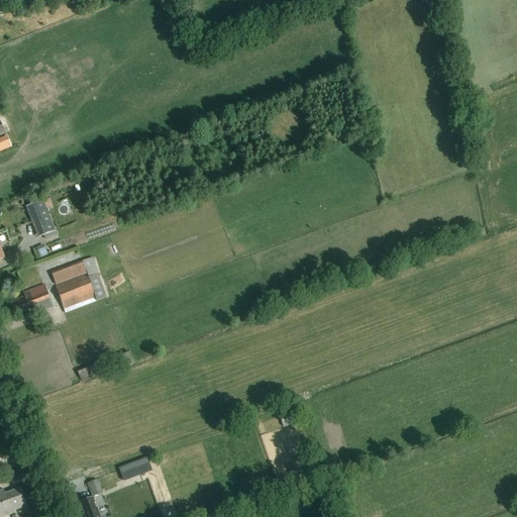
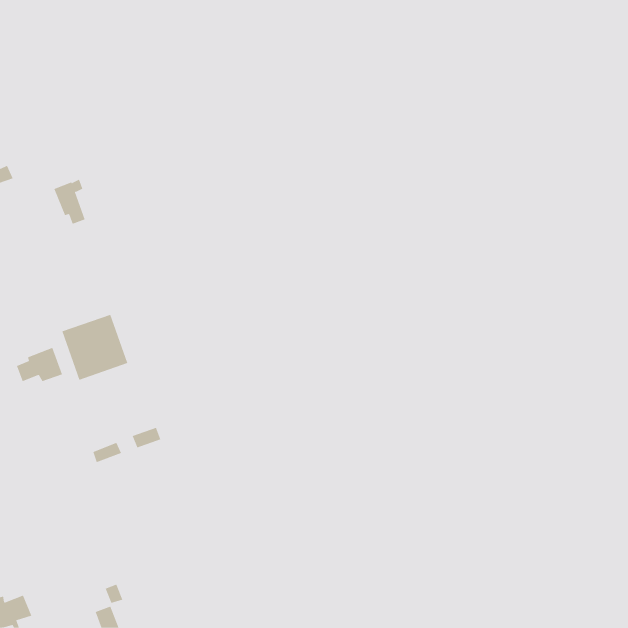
building: [27,198,54,235] -> [54,179,86,224]
building: [116,455,150,481] -> none

